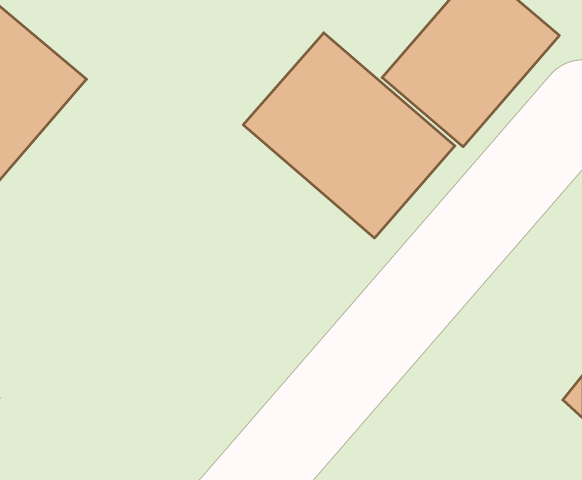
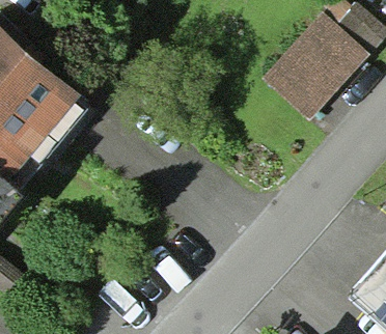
building: [243,33,455,238] -> none

